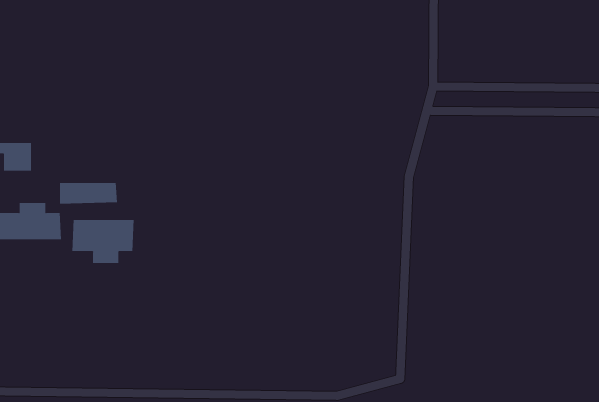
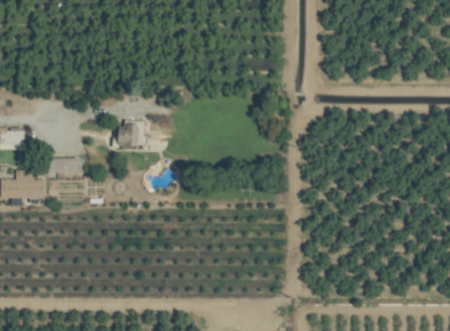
building: none -> [116,121,150,146]
building: [72,219,134,264] -> none

